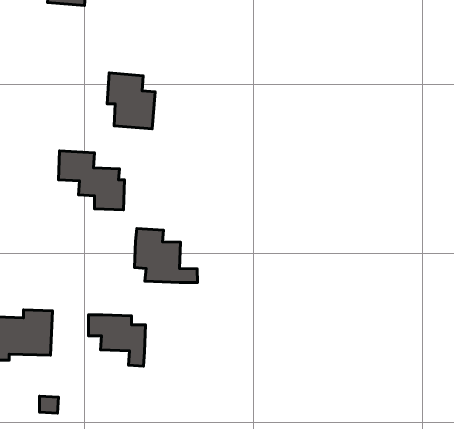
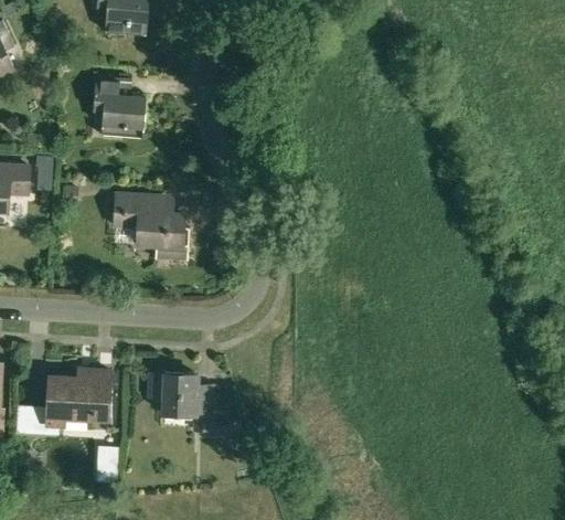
building: [107,73,155,129] -> [93,74,146,136]
building: [135,228,197,283] -> none

